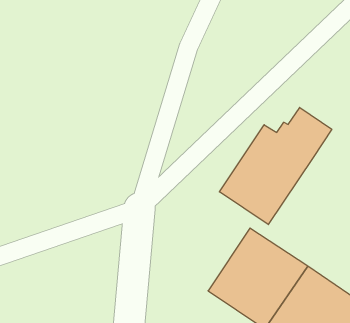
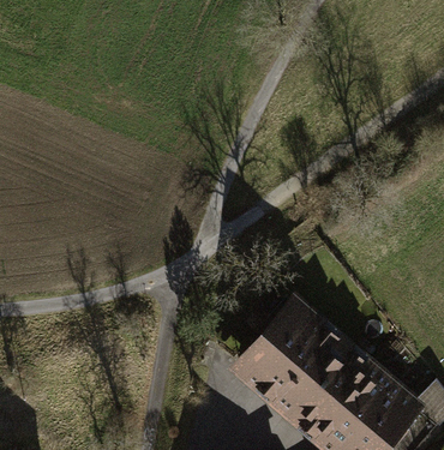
building: [219,107,332,225] -> none

